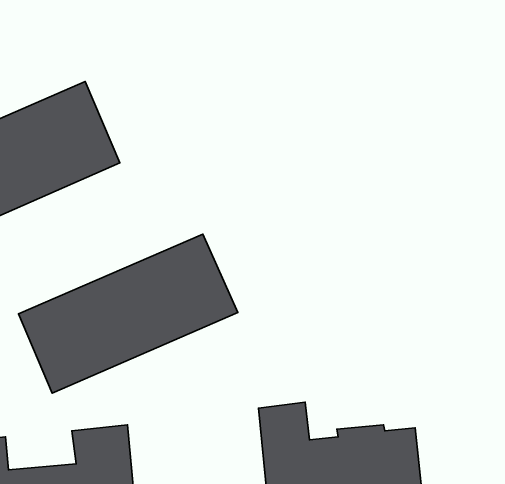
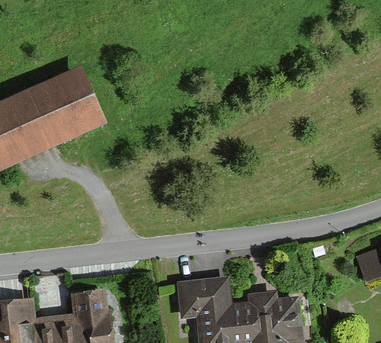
building: [19,234,238,393] -> none

